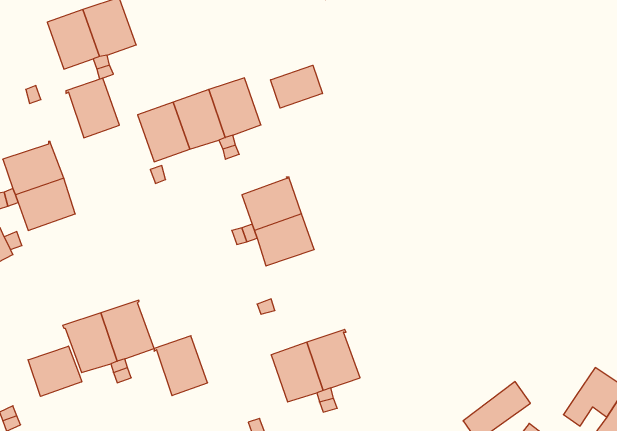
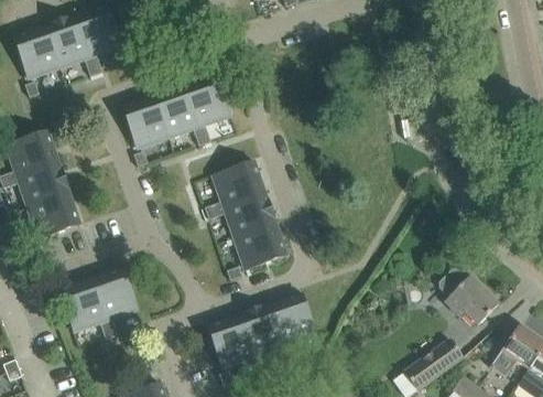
building: [271,65,322,108] -> none
building: [66,78,119,138] -> [13,28,59,79]
building: none -> [29,194,80,240]
building: none -> [235,225,287,271]
building: none -> [441,271,499,326]
building: [154,336,208,396] -> [207,316,253,368]
building: [28,346,82,396] -> none

